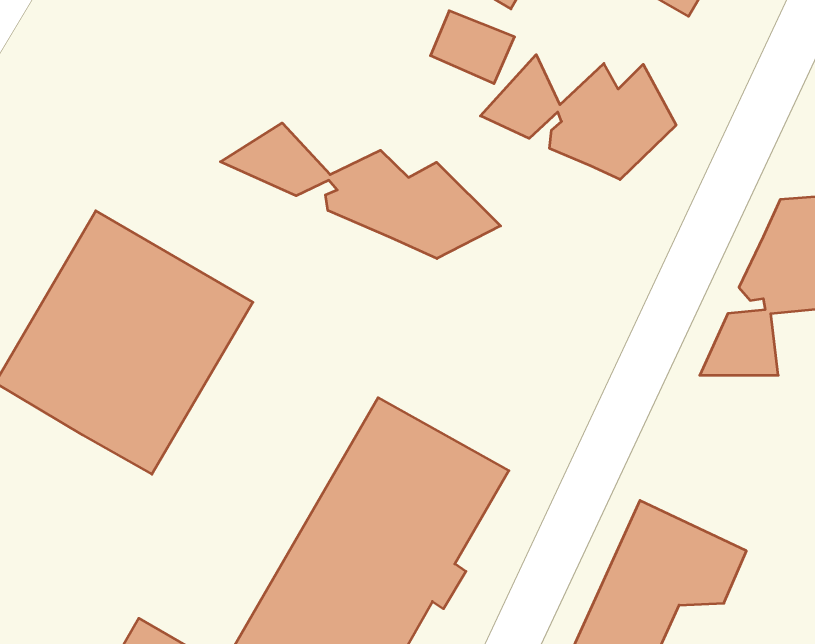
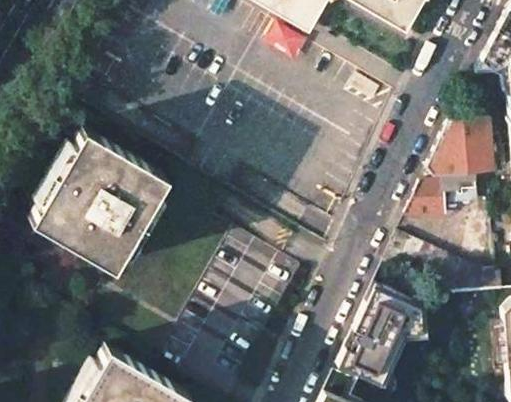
building: [480,55,676,180] -> none
building: [220,123,501,259] -> none

